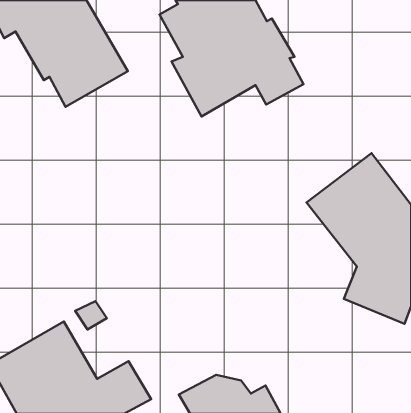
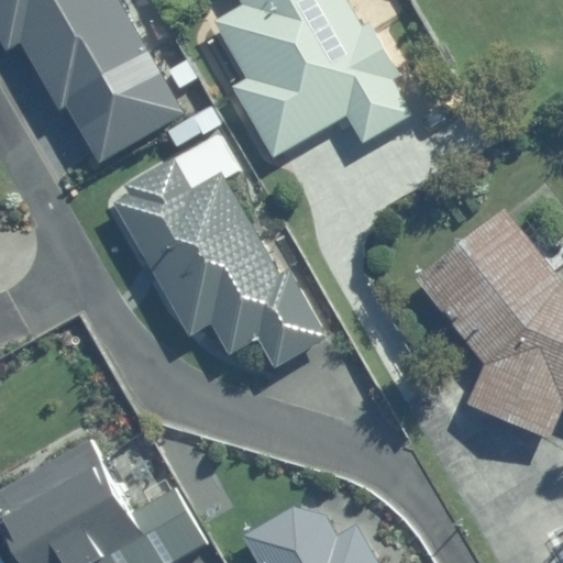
building: none -> [113,159,329,371]

